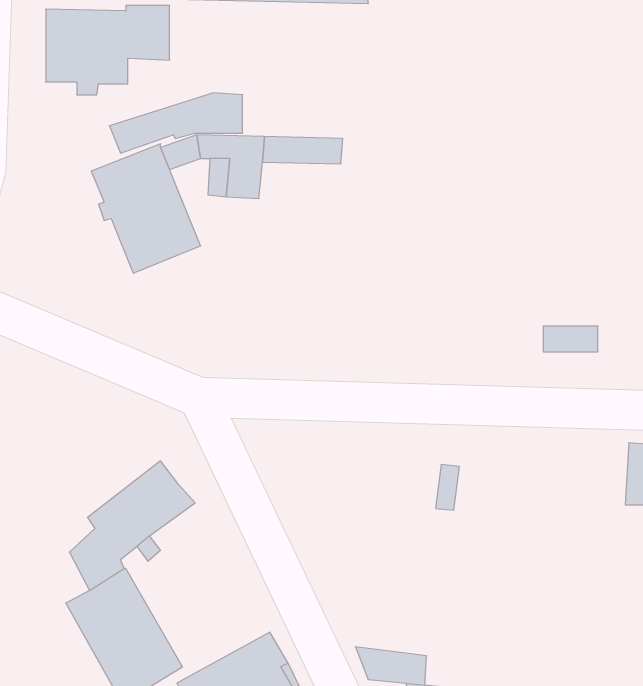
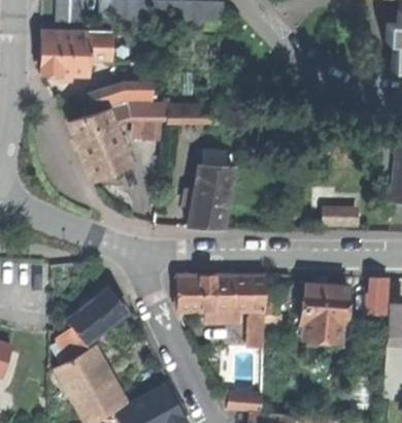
building: none -> [180,165,234,228]
building: none -> [175,274,265,348]
building: none -> [301,283,348,343]

